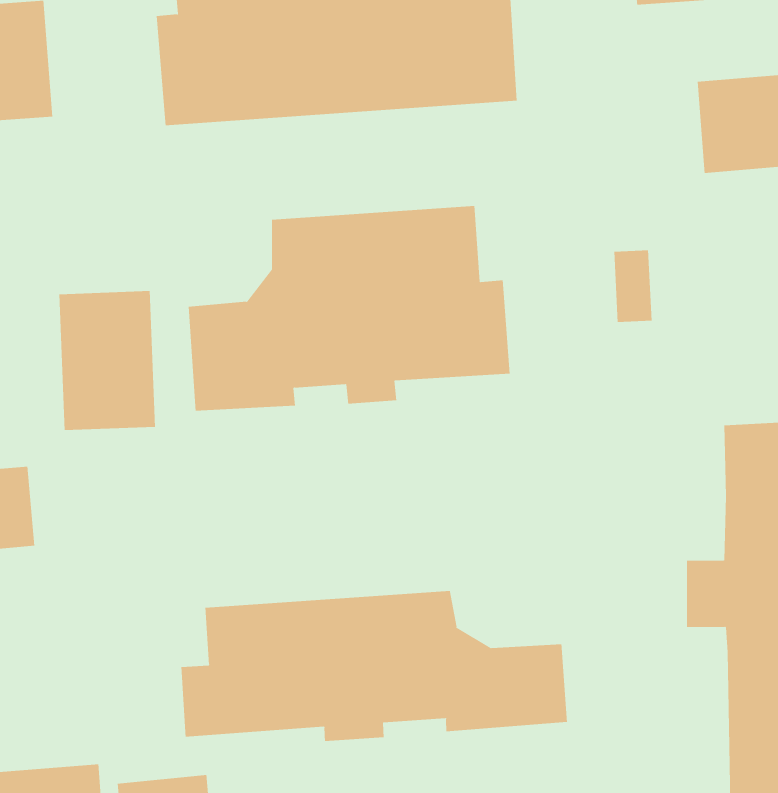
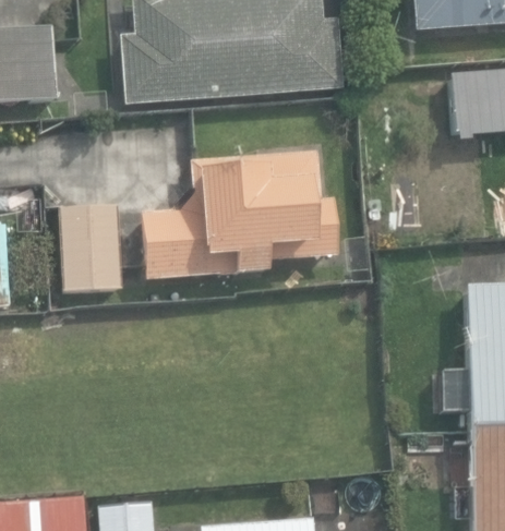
building: [181,590,567,742] -> none

